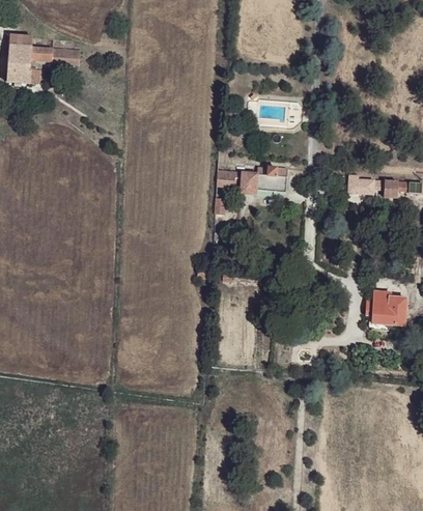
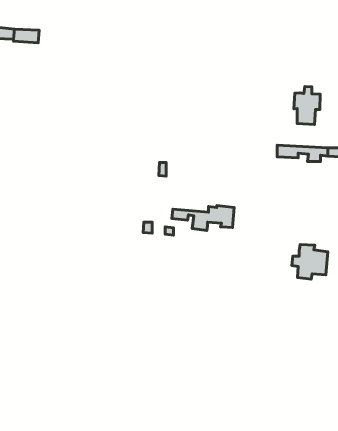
building: none -> [294,87,320,125]
building: [216,166,286,194] -> [172,206,234,230]

